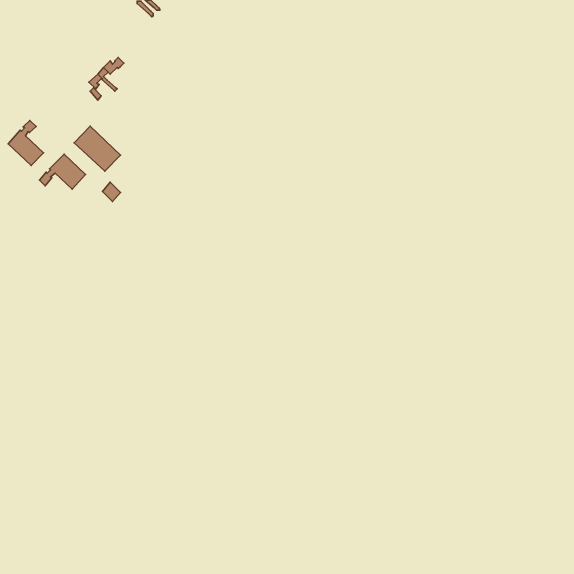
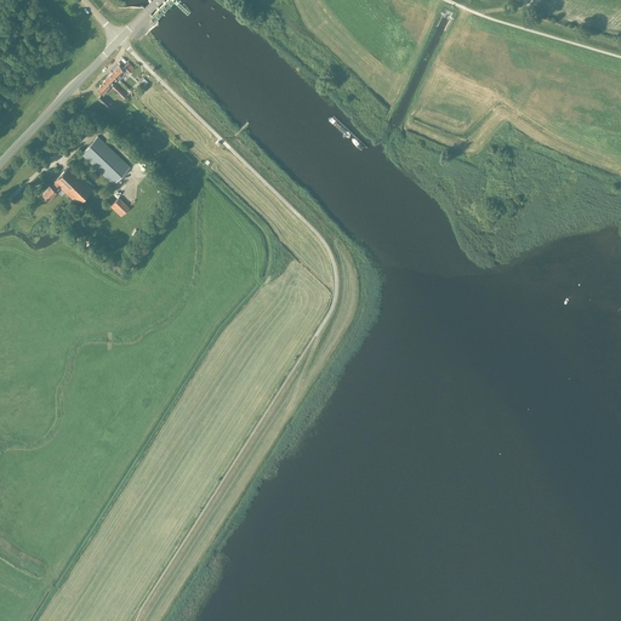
building: [8,121,43,165] -> none

